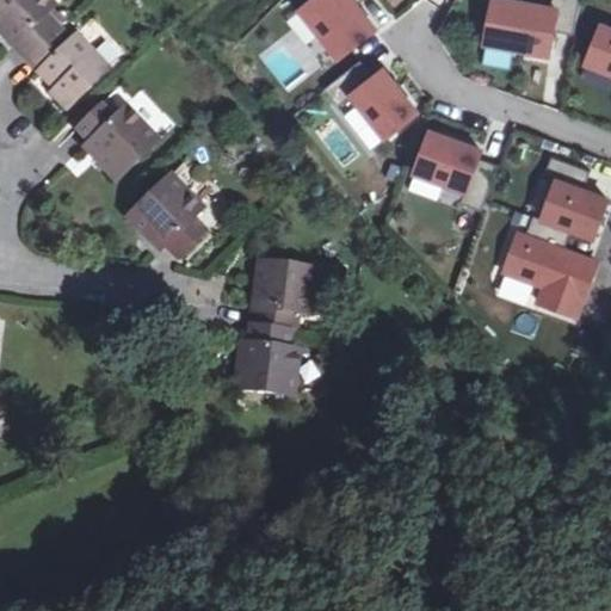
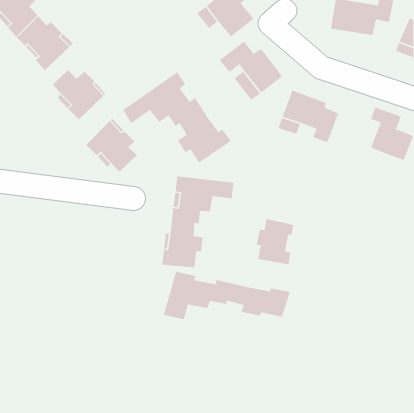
building: none -> [122,71,232,164]
building: [505,214,594,315] -> none
building: none -> [256,218,294,265]
building: none -> [163,271,291,320]

